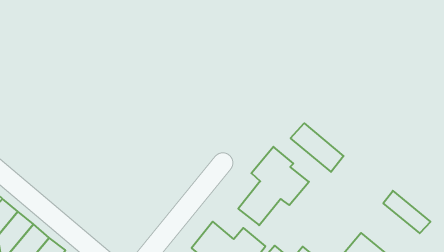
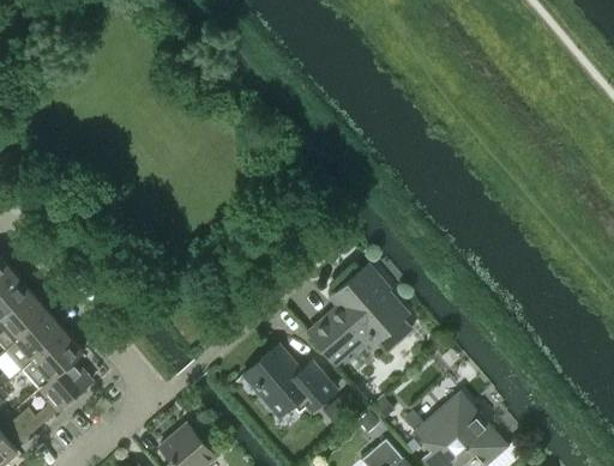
building: [291,123,344,172] -> none
building: [383,191,430,233] -> none

